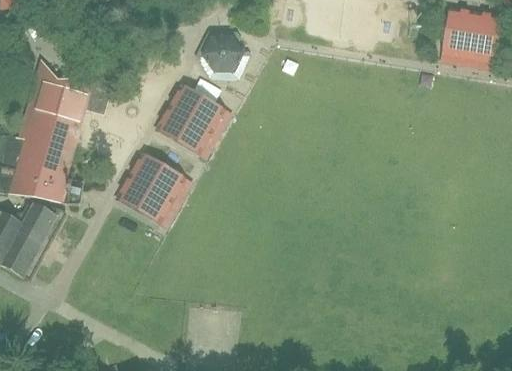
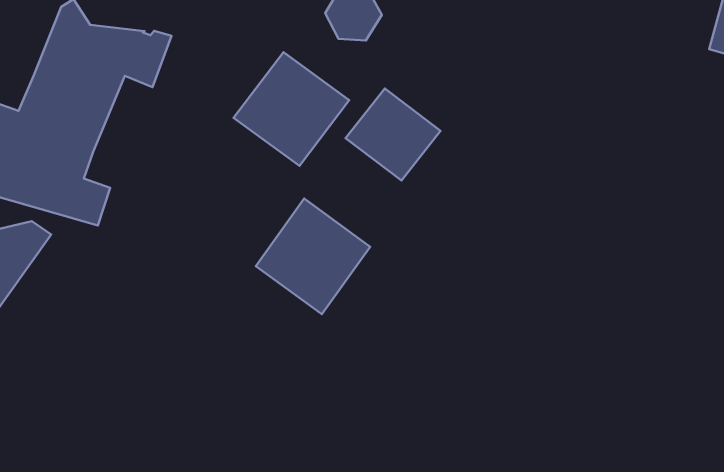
building: none -> [346,89,441,181]
building: [114,158,183,228] -> [256,199,370,314]

